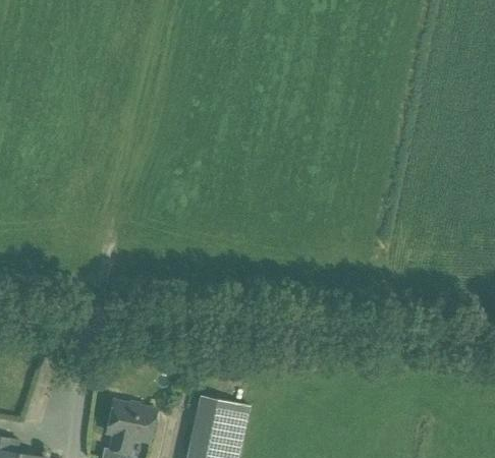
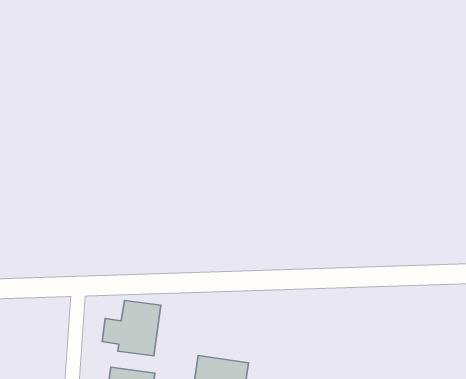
building: none -> [102,300,161,356]

